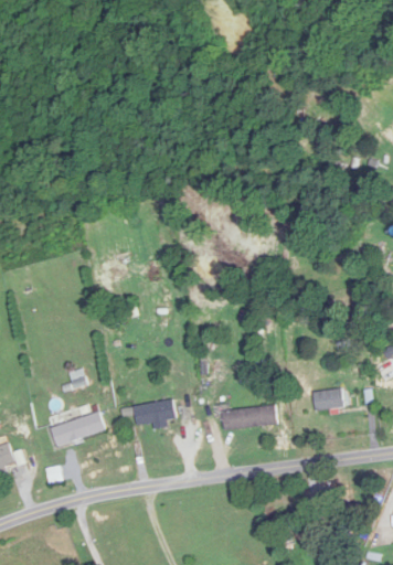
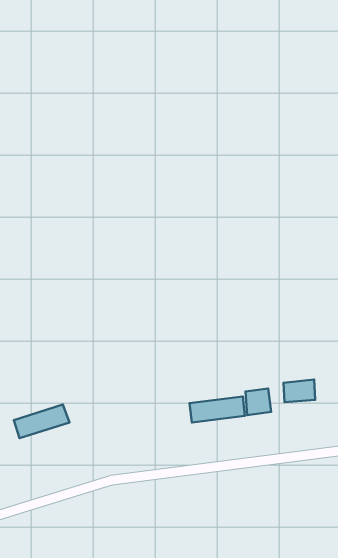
building: none -> [246,388,271,415]
building: [132,399,176,426] -> none

